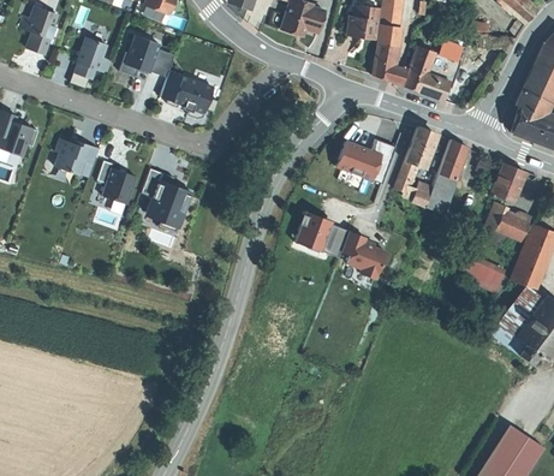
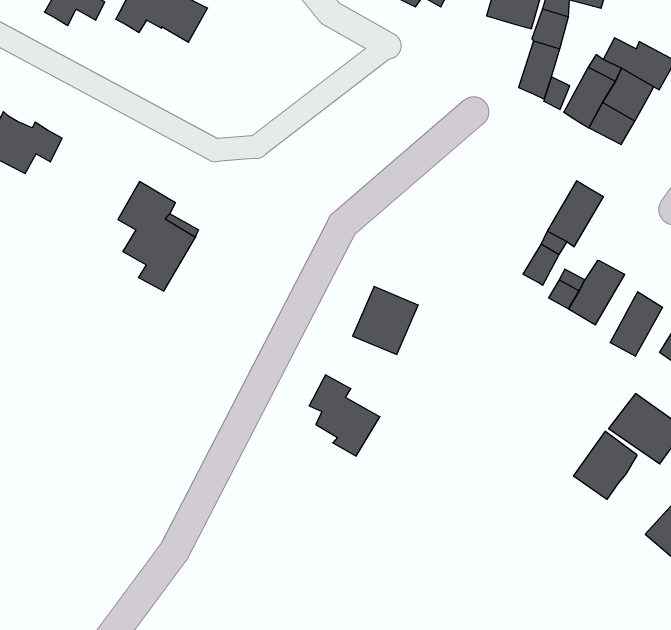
building: [167,75,212,115] -> none
building: [338,138,388,185] -> none
building: [440,139,469,179] -> [610,292,663,356]
building: [97,161,136,204] -> none
building: [341,231,386,278] -> [309,375,380,456]
building: none -> [574,431,637,499]

